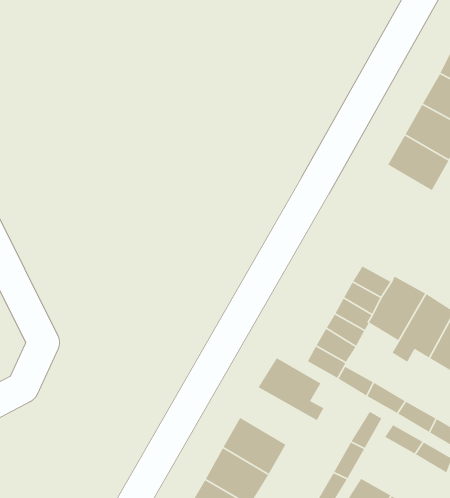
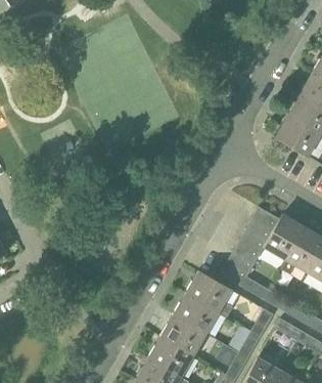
building: none -> [173,293,227,333]

